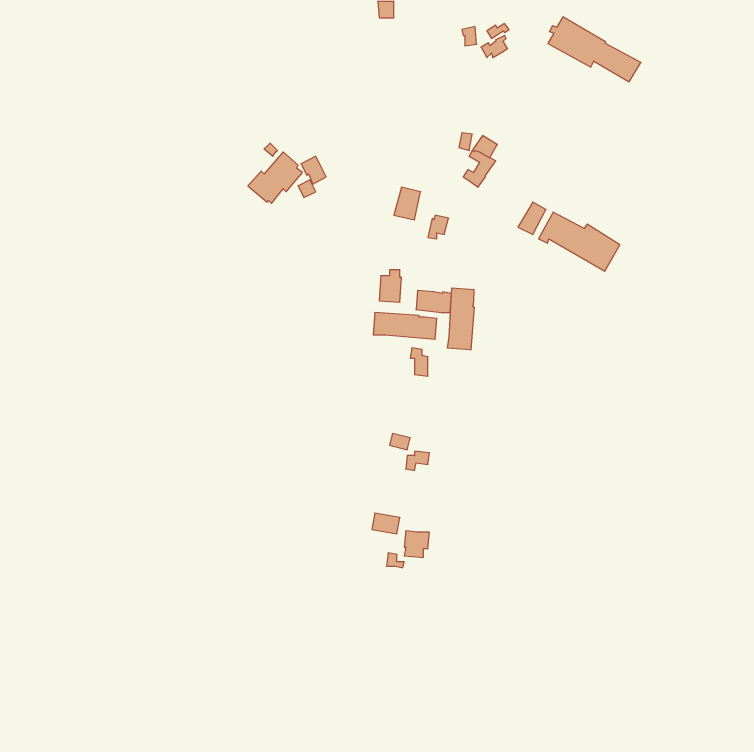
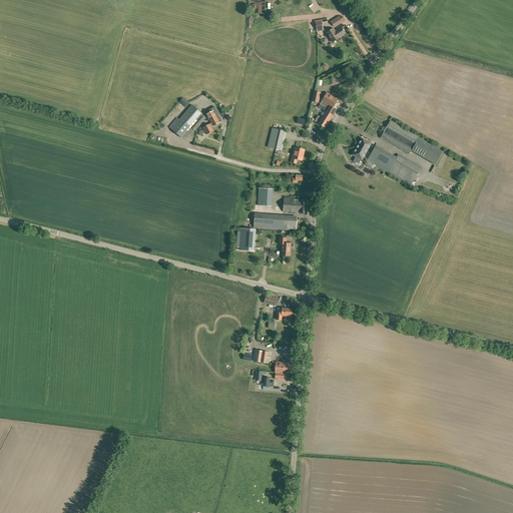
building: [548,17,641,82] -> [380,119,443,163]
building: [448,288,474,350] -> none
building: none -> [236,227,256,250]

